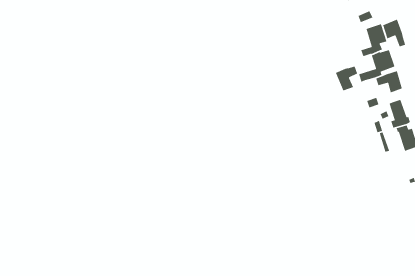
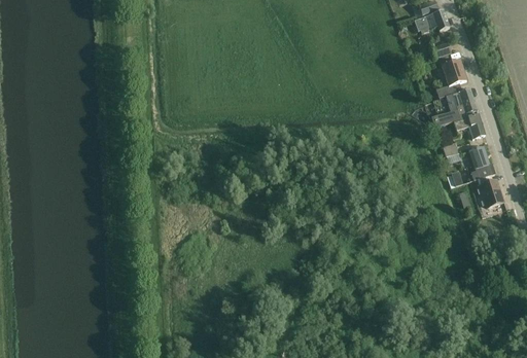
building: [382,18,406,48] -> none
building: [335,65,358,92] -> none

